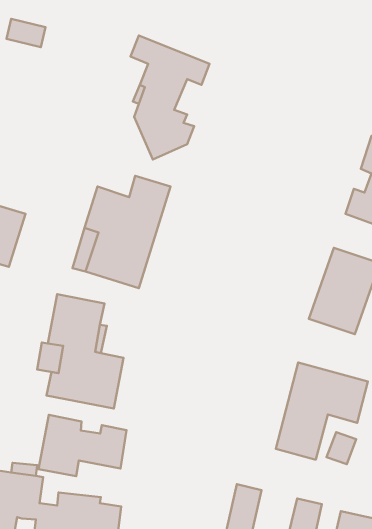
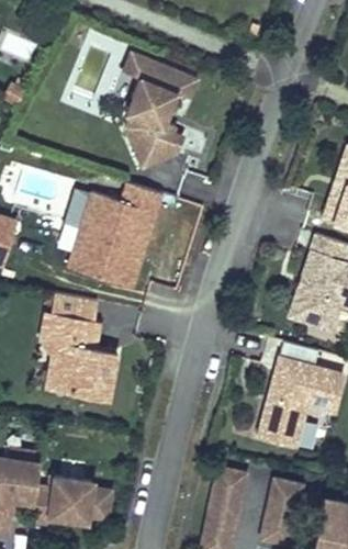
building: [38,415,127,476] -> none

